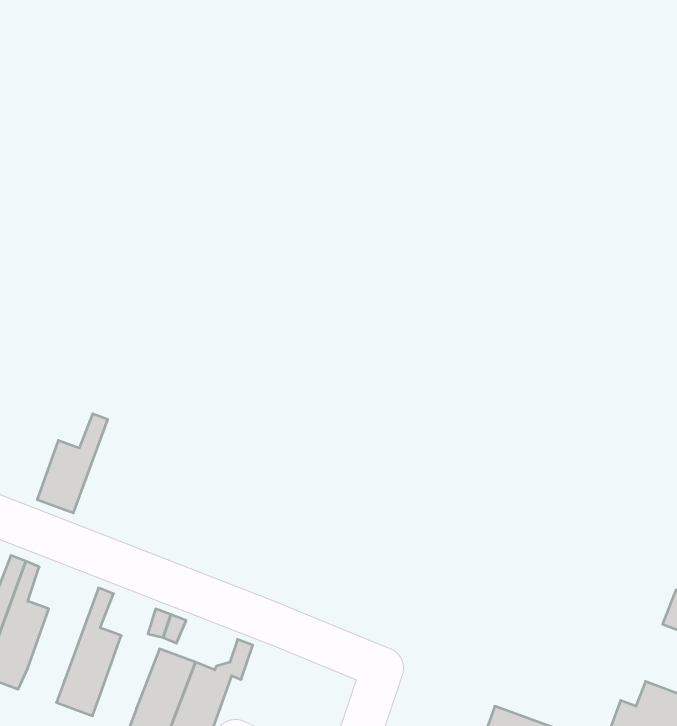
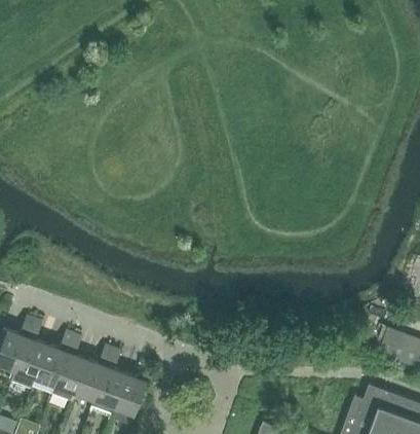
building: [37,414,108,513] -> [36,332,74,386]
building: none -> [75,361,107,400]

